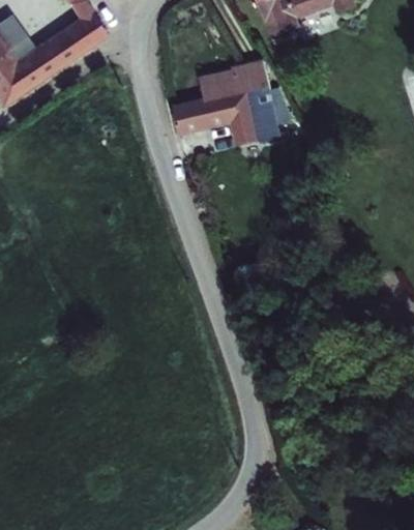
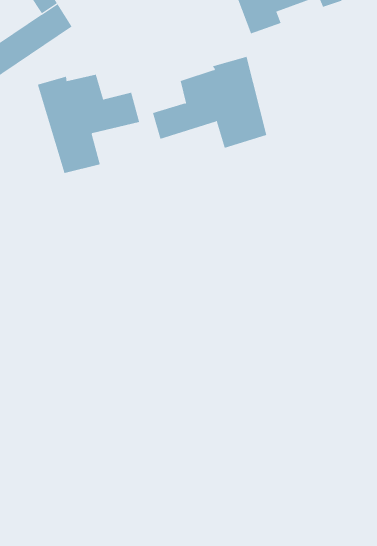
building: none -> [37,74,140,174]

